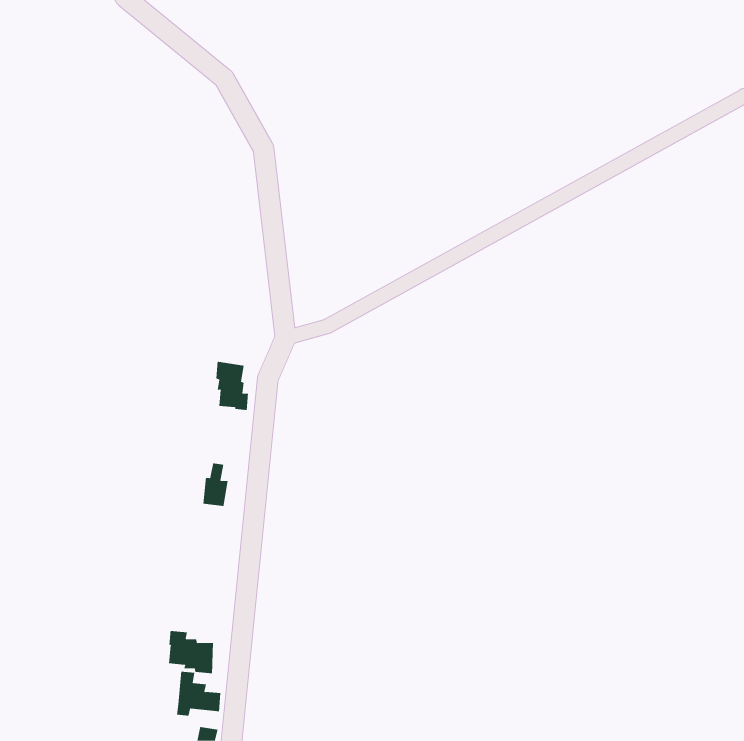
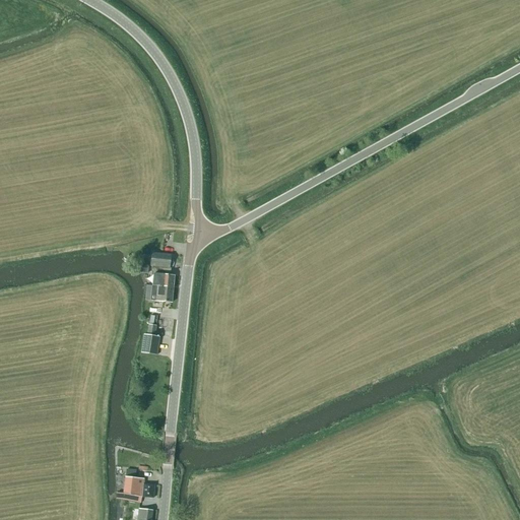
building: none -> [145,283,173,302]
building: [169,630,214,674] -> none

